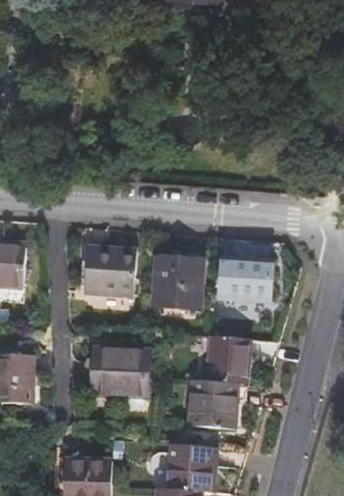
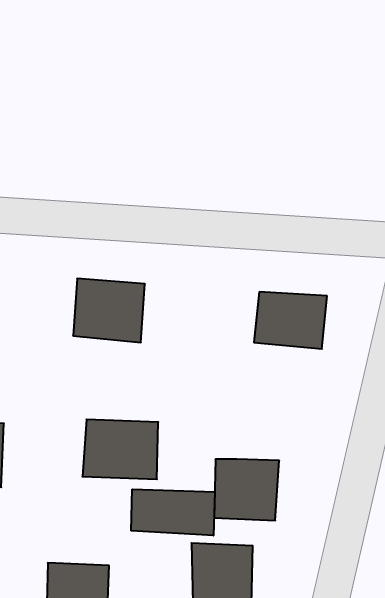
building: [153,256,202,307] -> none
building: [206,338,248,384] -> none
building: none -> [131,489,215,536]

